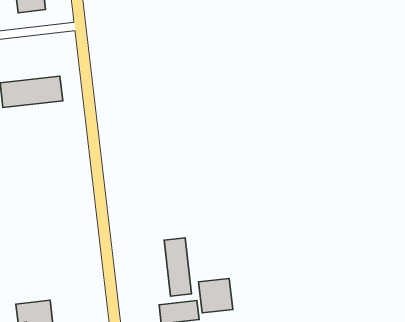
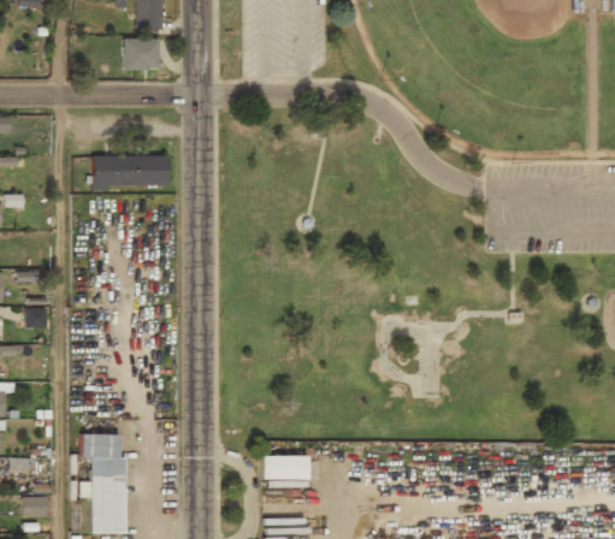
building: [164,238,191,296] -> none
building: [199,278,233,313] -> none

